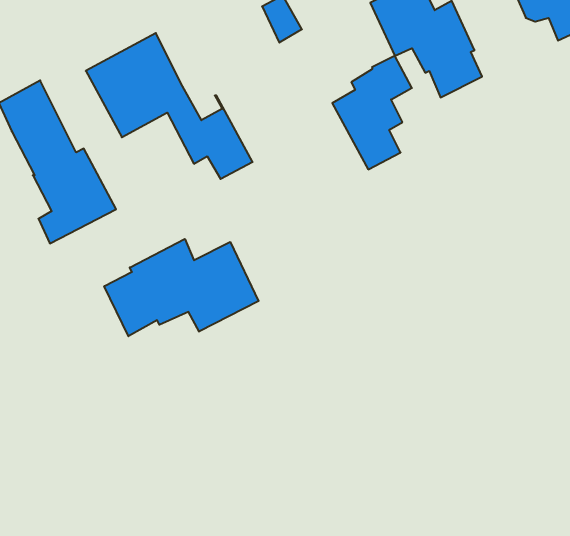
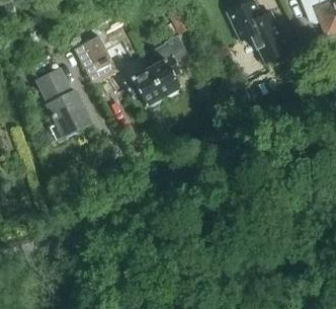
building: [332,56,412,169] -> [145,36,187,97]
building: [104,239,259,336] -> none

